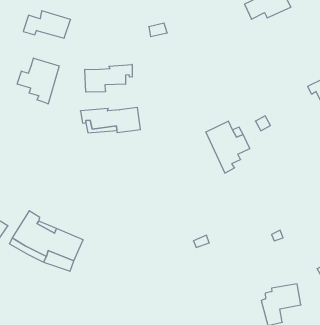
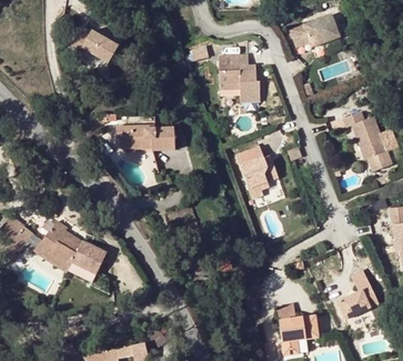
building: none -> [219,54,262,101]
building: [17,58,59,104] -> none
building: [85,64,132,92] -> none

